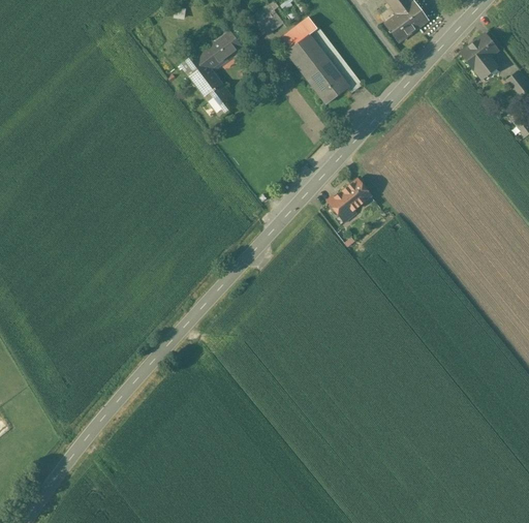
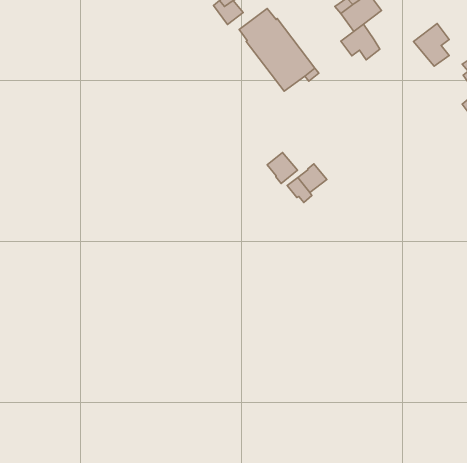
building: [181,30,243,117] -> none
building: none -> [341,24,380,60]
building: none -> [267,152,298,184]

